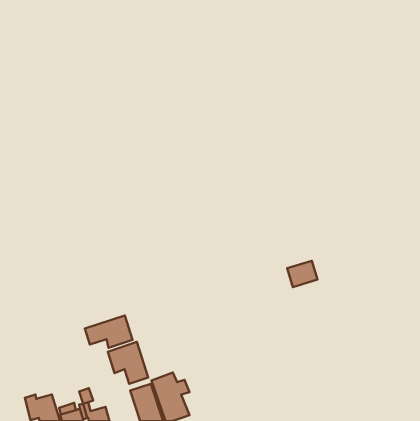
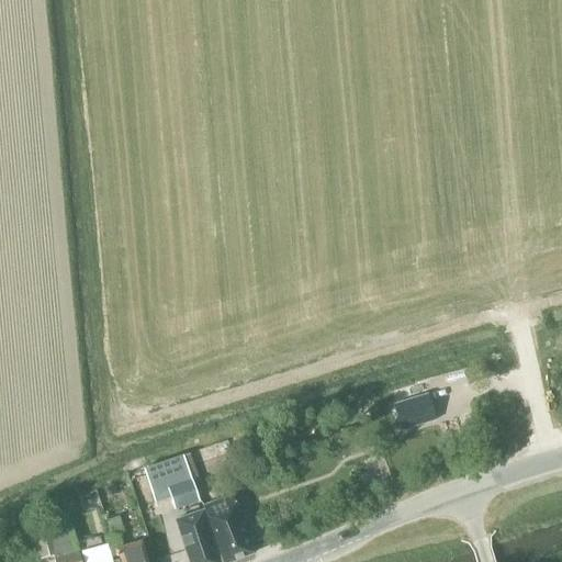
building: [287,261,318,287] -> [395,395,436,430]
building: [85,315,132,348] -> none

